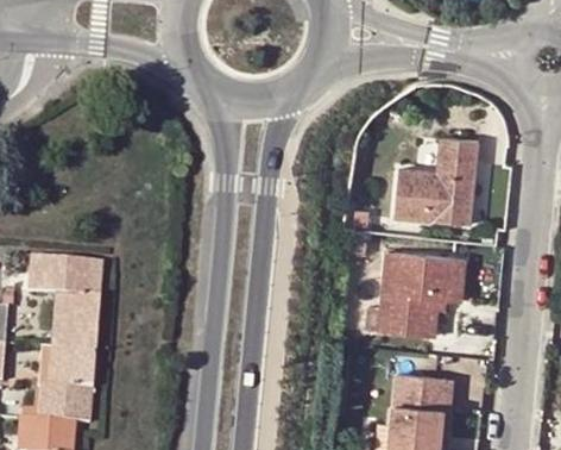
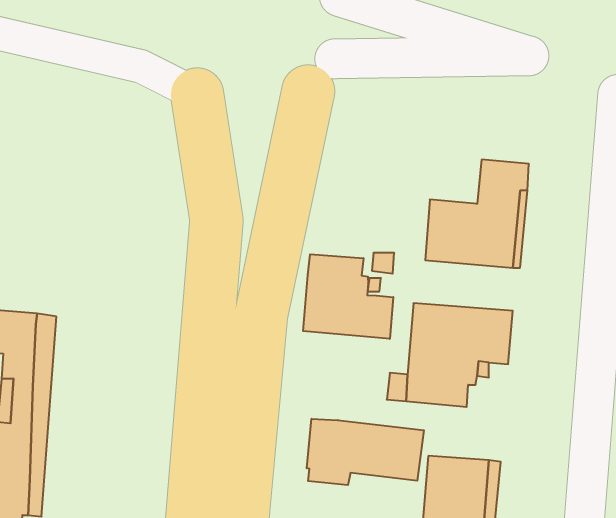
building: none -> [303,254,393,339]
building: none -> [307,419,424,485]

